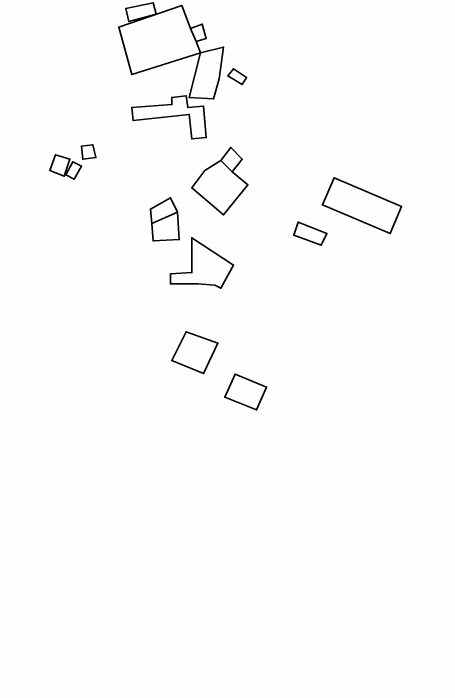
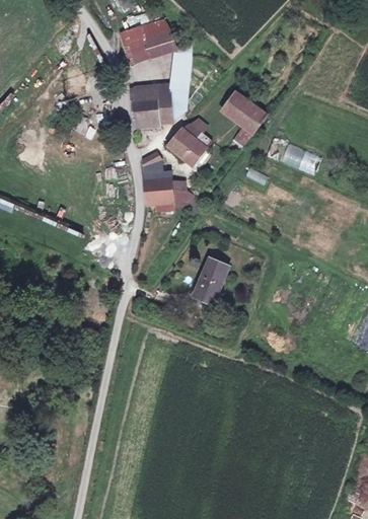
building: none -> [130,92,172,125]
building: none -> [220,93,265,147]
building: none -> [144,179,171,206]
building: [172,332,218,373] -> [202,255,234,285]

